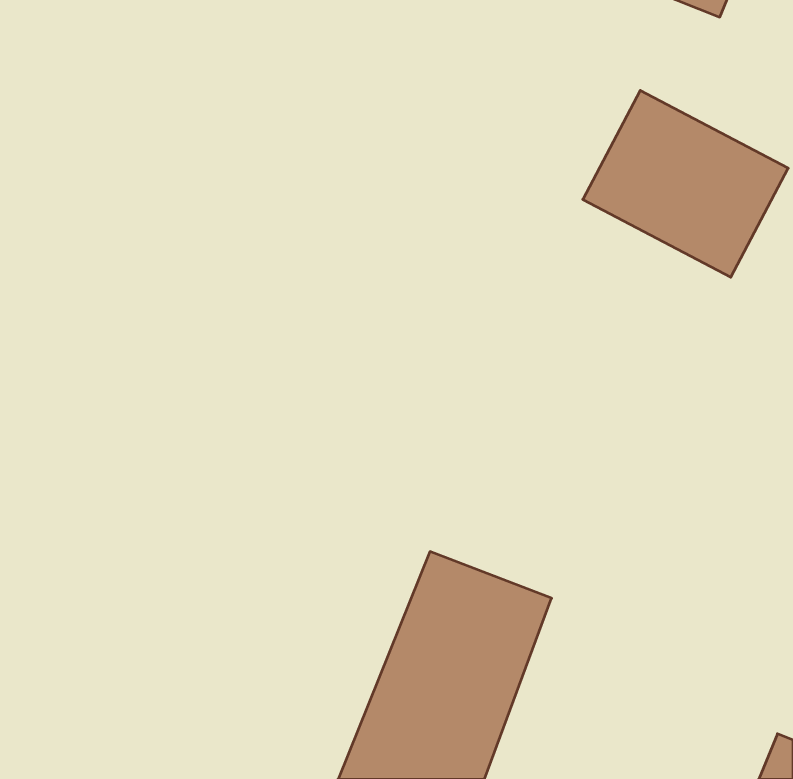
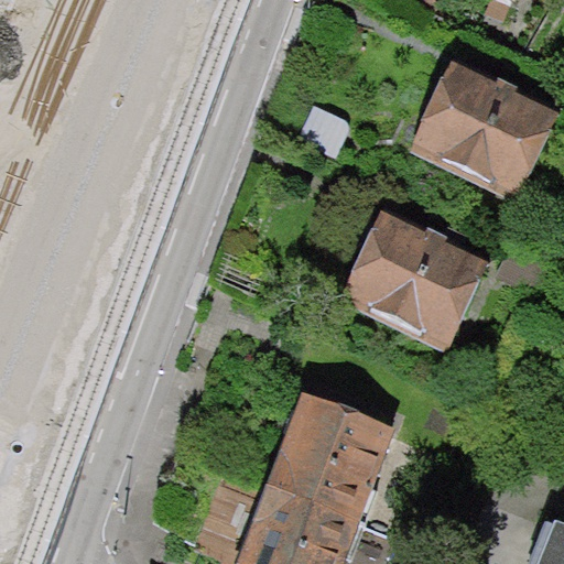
building: none -> [344,212,491,350]

